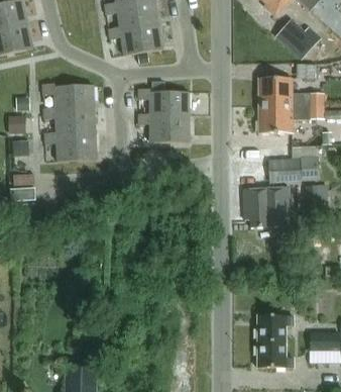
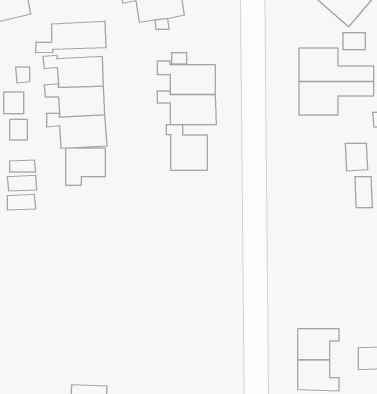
building: none -> [36,21,106,53]
building: none -> [167,124,207,170]
building: [267,159,300,183] -> none
building: none -> [66,148,105,186]
building: [243,187,291,228] -> none

